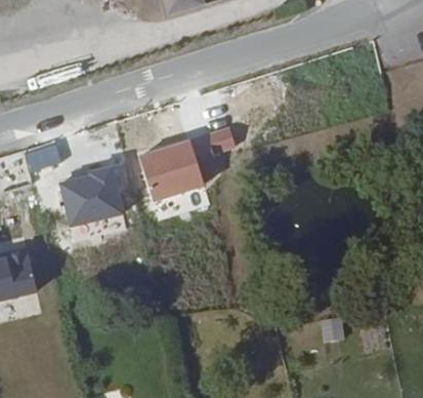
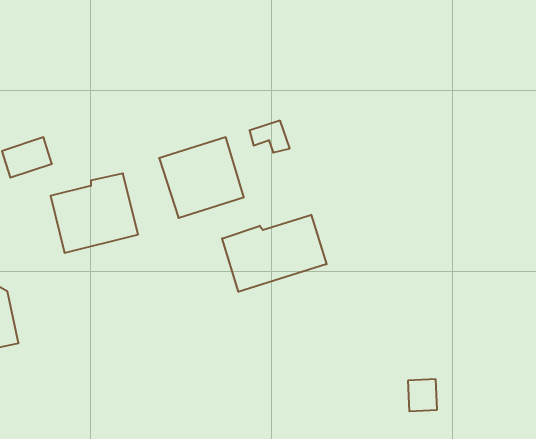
building: none -> [222,215,327,292]

